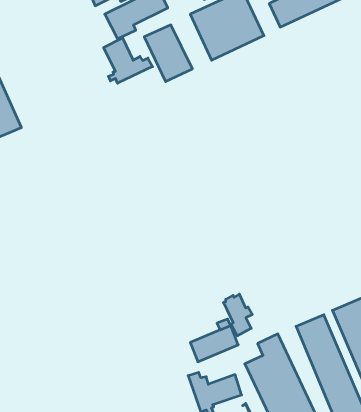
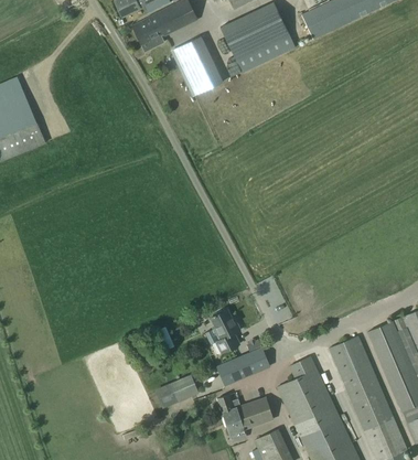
building: [104,38,153,83] -> none
building: [223,294,252,336] -> [210,308,239,351]
building: none -> [170,376,199,403]

